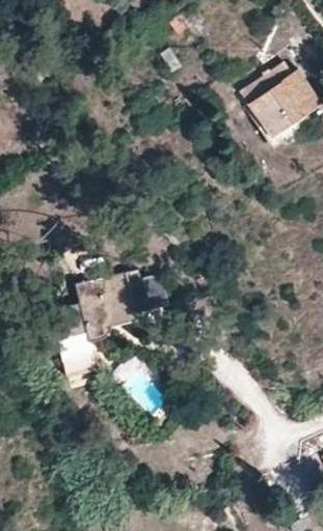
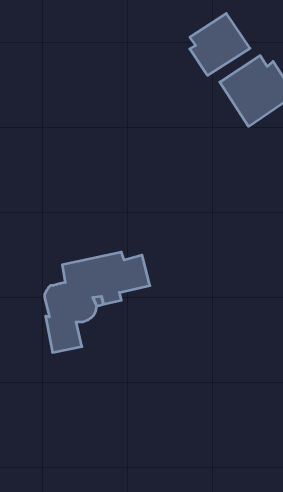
building: none -> [190,13,250,75]

